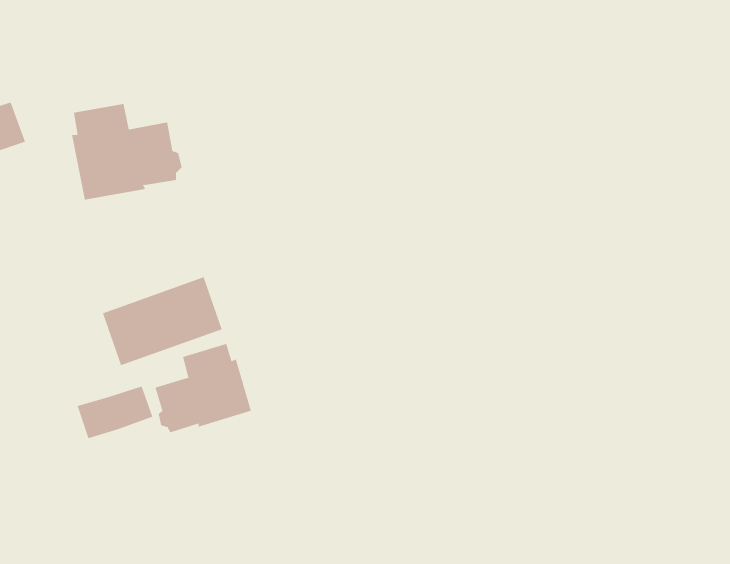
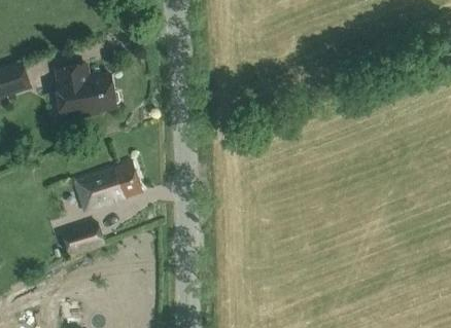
building: [155,343,251,433] -> none

